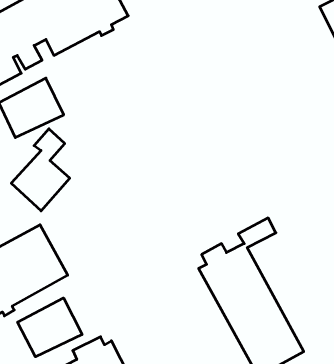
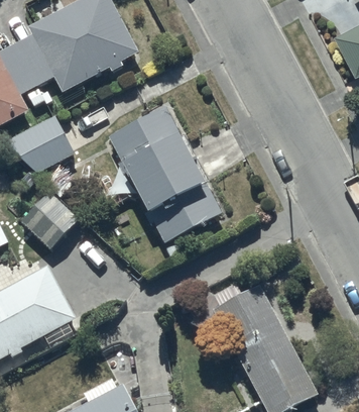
building: none -> [107,106,221,259]
building: [18,298,82,357] -> none

